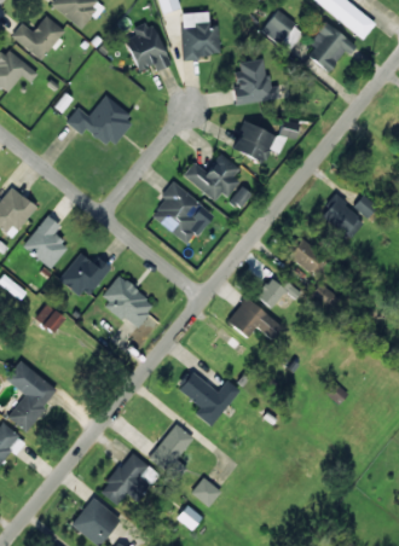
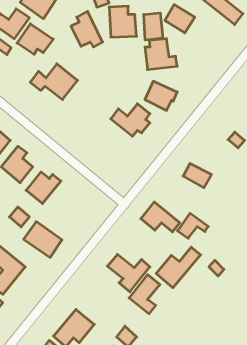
building: none -> [144,13,163,40]
building: [307,22,353,72] -> none
building: none -> [17,24,53,54]
building: [151,181,203,242] -> none
building: [322,196,365,238] -> none
building: [256,272,301,308] -> [177,213,208,238]
building: [99,275,155,327] -> [24,222,62,257]
building: none -> [156,247,201,288]
building: [149,423,193,480] -> [129,275,160,314]

